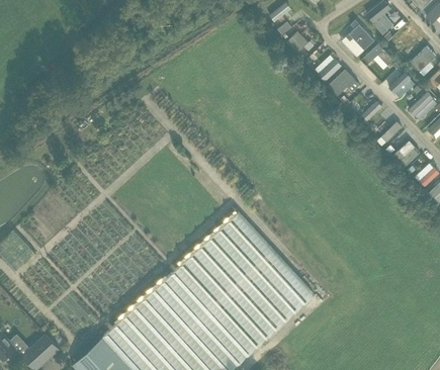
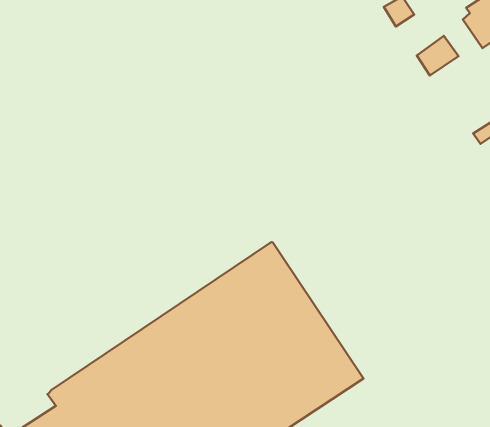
building: [328,69,356,96] -> none

